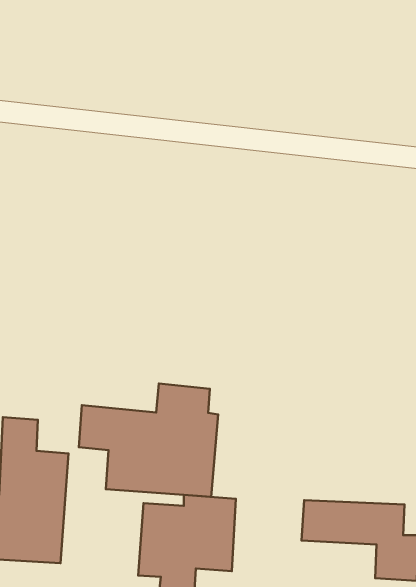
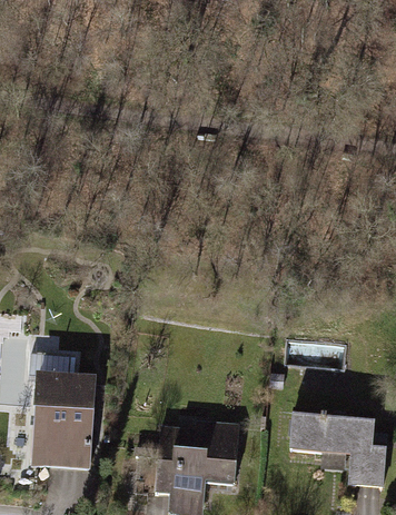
building: [79,383,218,497] -> none

